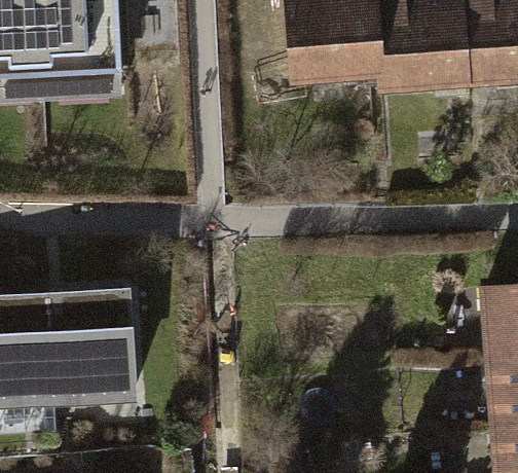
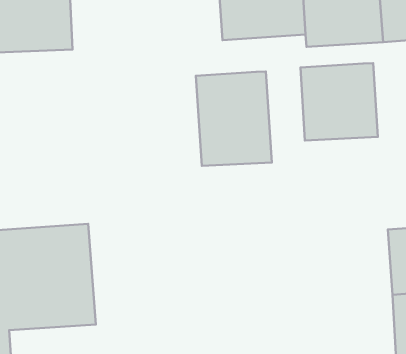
building: none -> [300,63,378,140]
building: none -> [196,71,272,166]

